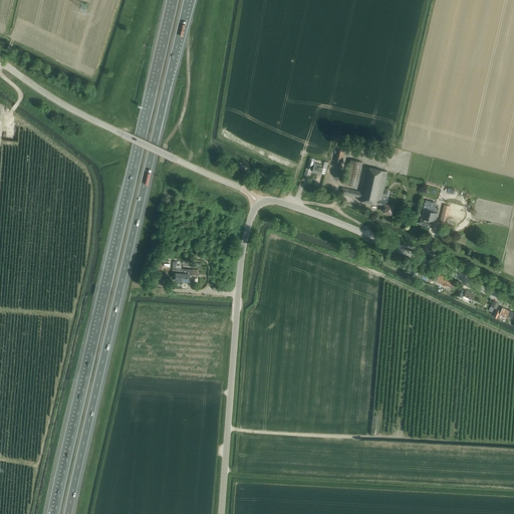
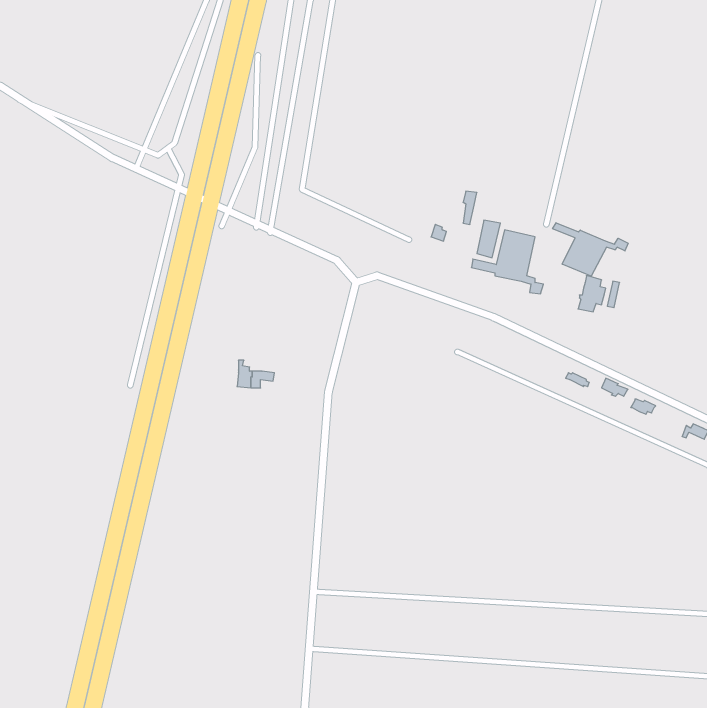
building: none -> [553,223,628,276]

